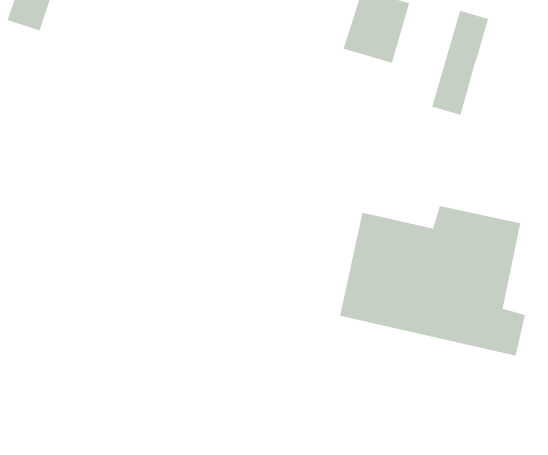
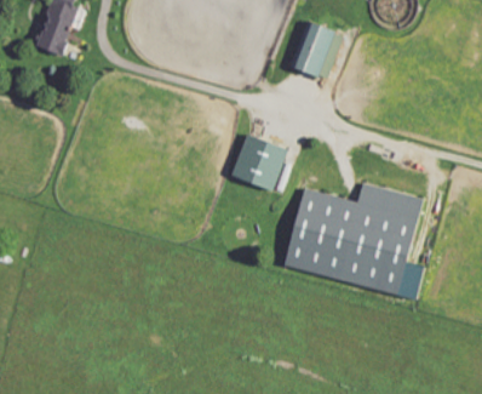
building: [431,10,489,116] -> none
building: none -> [233,135,288,189]

